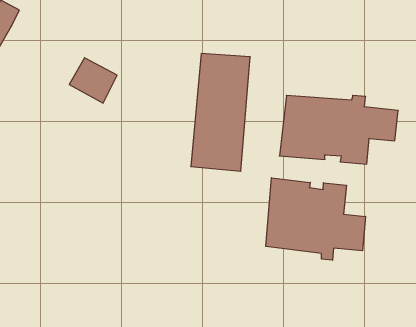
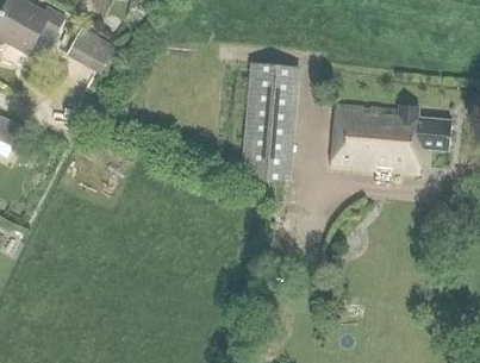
building: [69,58,117,103] -> [64,26,113,73]
building: [266,178,365,260] -> none

